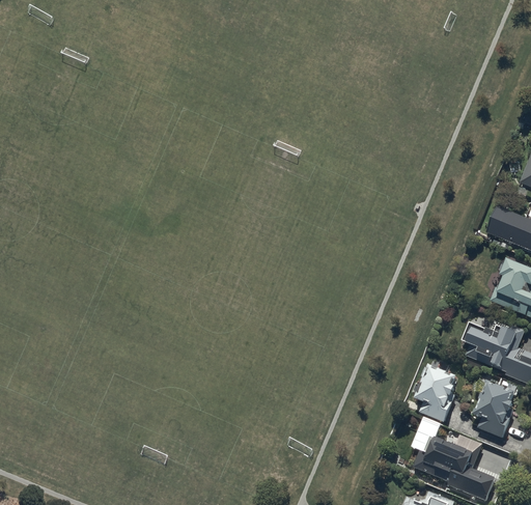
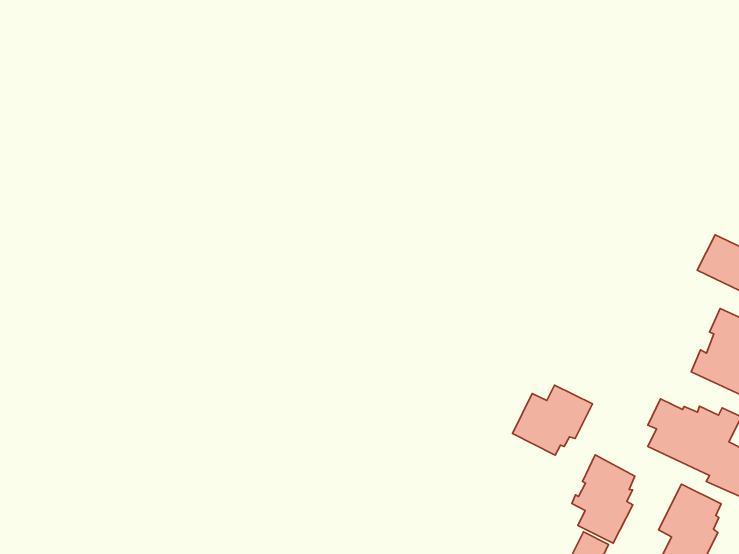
building: none -> [513,385,593,455]

